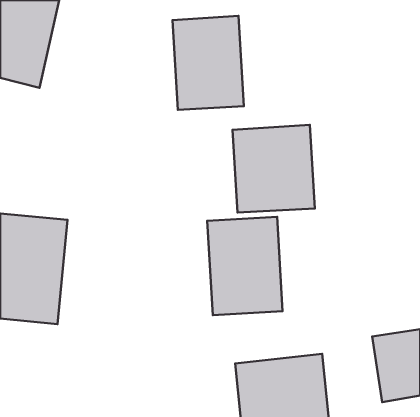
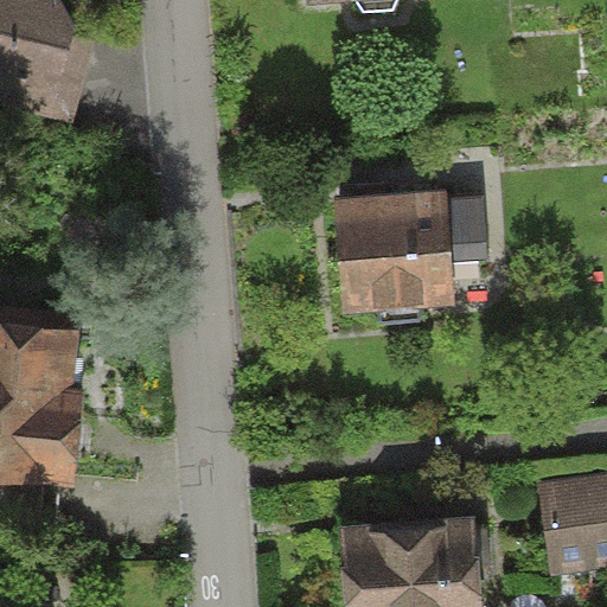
building: [173,16,244,110] -> none
building: [207,217,282,315] -> none

